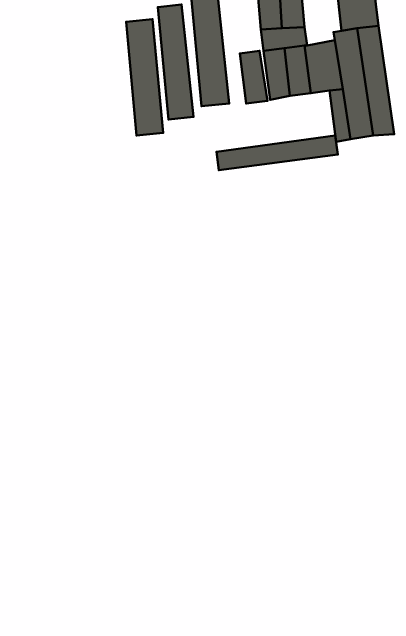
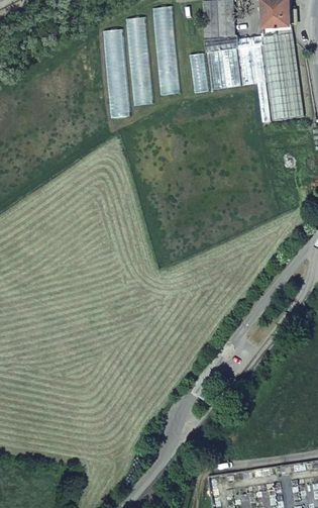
building: [217,135,338,170] -> none

